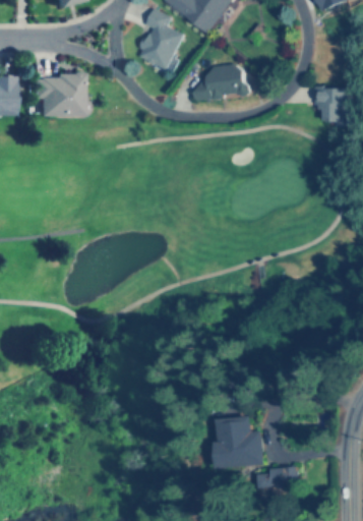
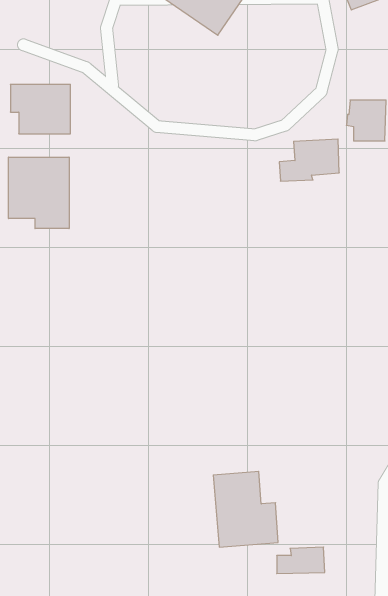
building: [139,9,185,71] -> none
building: [197,65,248,101] -> [279,139,339,181]
building: none -> [9,157,69,229]

